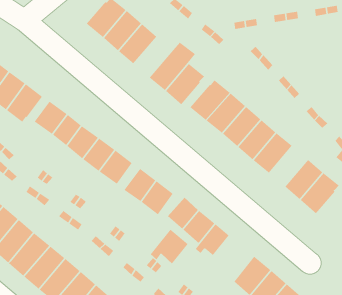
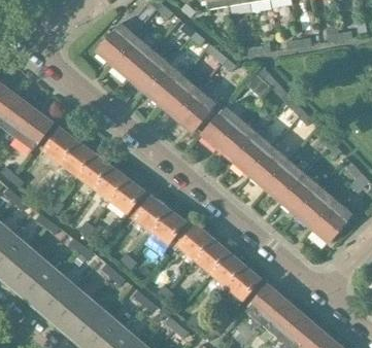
building: none -> [143,63,182,104]
building: none -> [280,173,319,214]
building: [150,229,189,265] -> [219,264,259,300]

